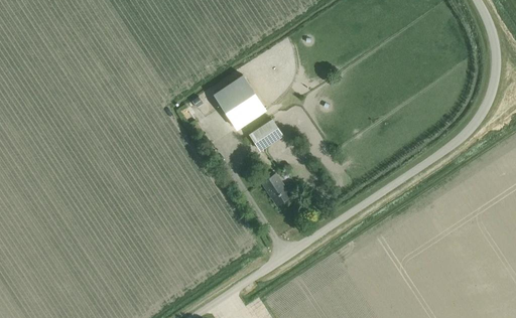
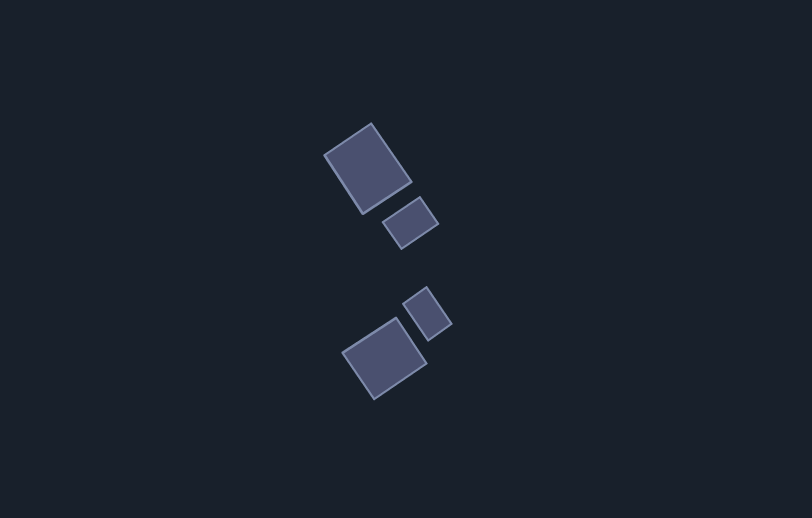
building: none -> [342,318,426,399]

